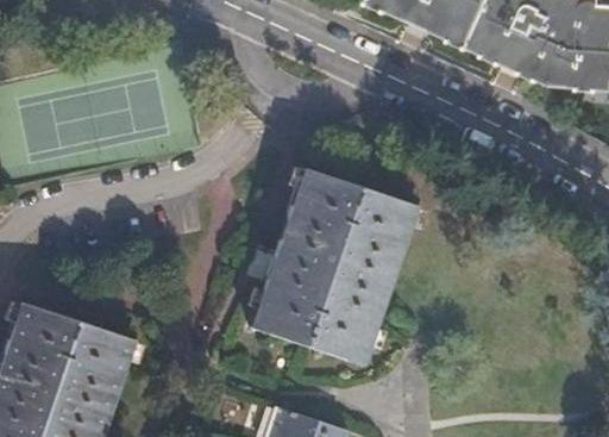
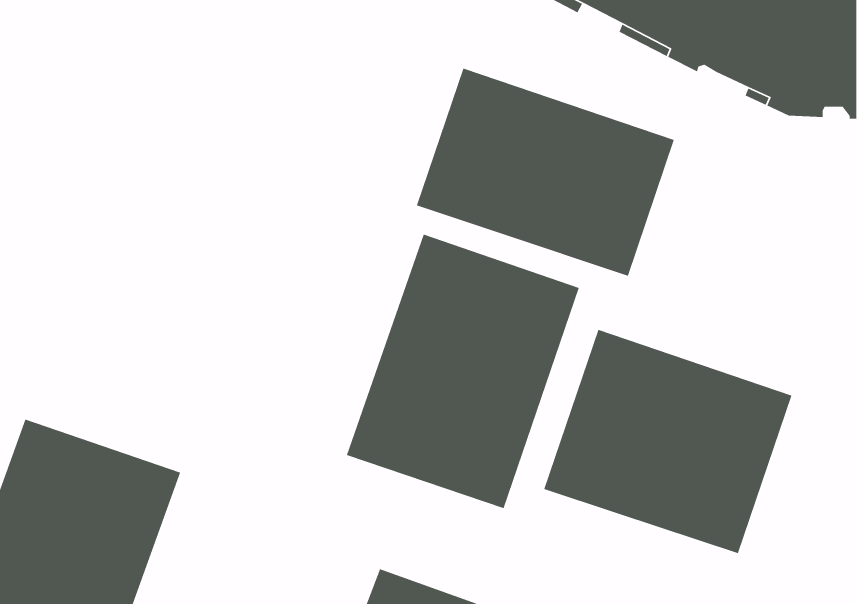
building: none -> [416,67,675,277]
building: none -> [543,329,792,554]

